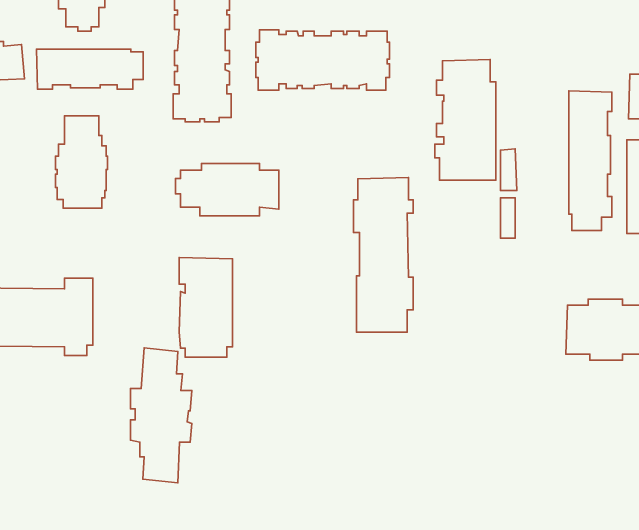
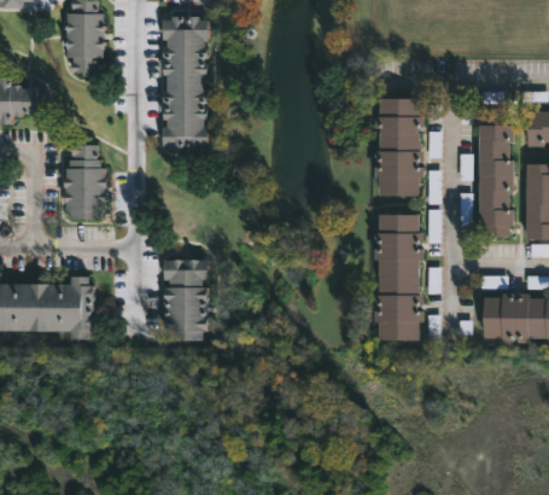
building: [256,30,390,90] -> none
building: [36,49,143,89] -> none
building: [176,163,279,216] -> none
building: [354,177,413,332] -> [373,215,421,340]
building: [131,348,192,483] -> none

